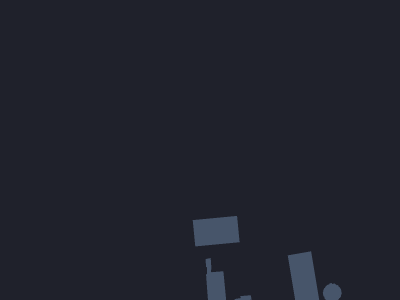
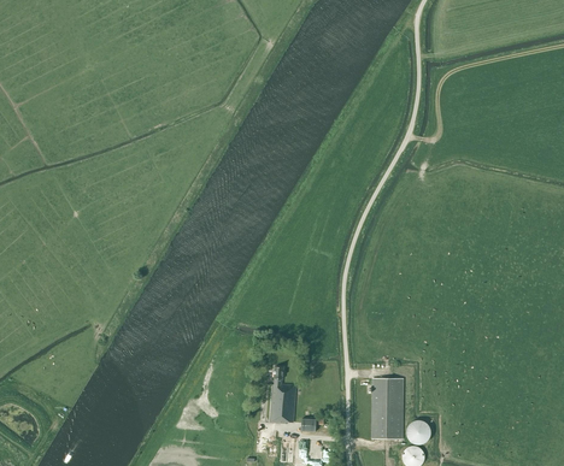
building: [192,215,240,247] -> none

